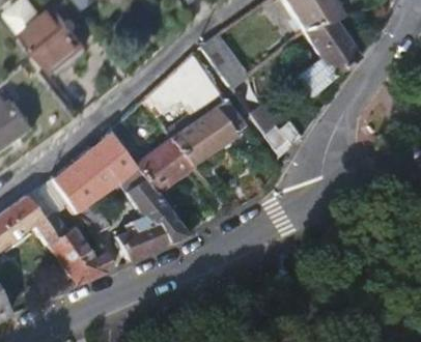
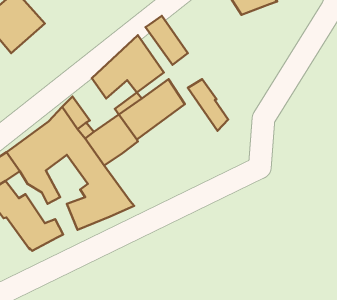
building: [294,18,359,93] -> none

